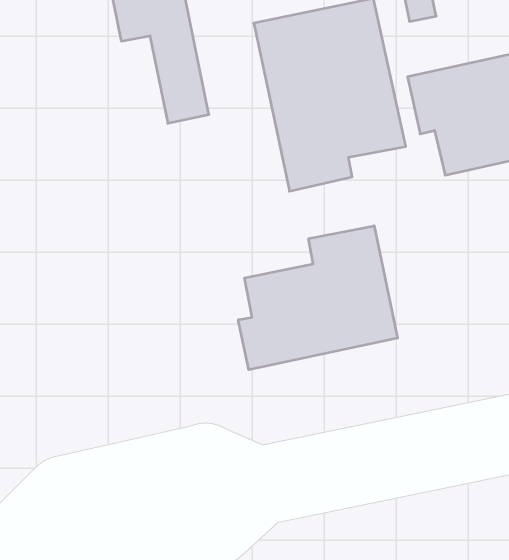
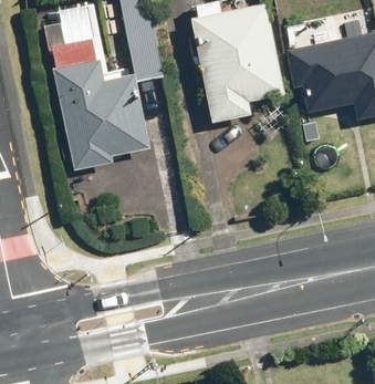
building: none -> [44,22,148,169]
building: [238,226,398,370] -> none

